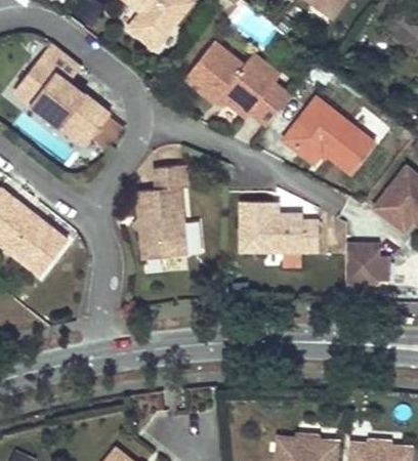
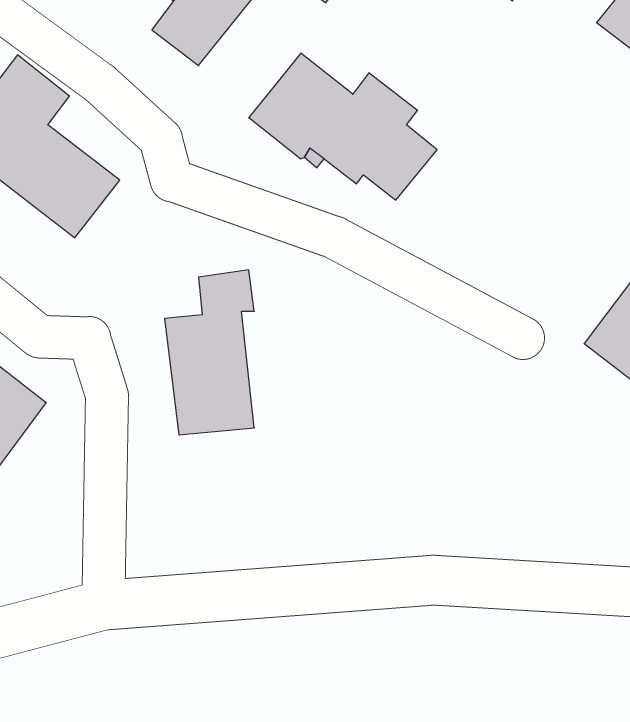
building: [283,97,374,173] -> none
building: [240,205,319,255] -> none
building: [345,240,389,279] -> none

